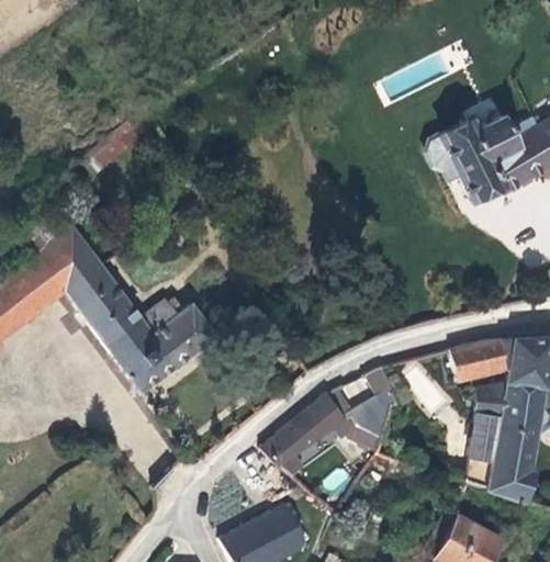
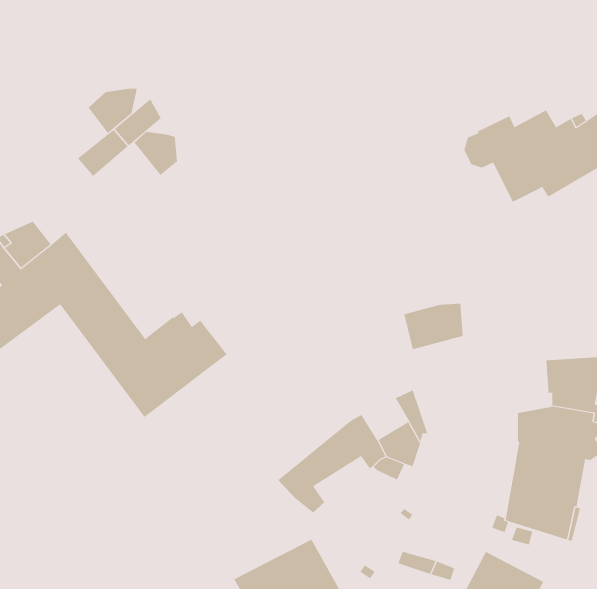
building: none -> [88,88,138,134]
building: none -> [134,131,177,176]
building: [450,340,504,382] -> [404,303,464,350]

